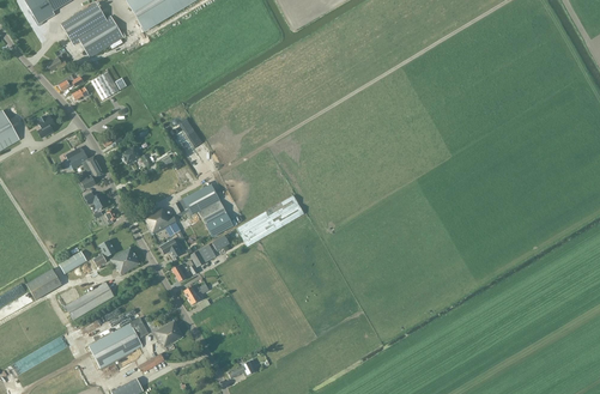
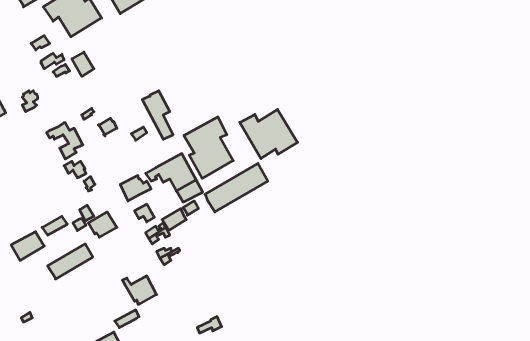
building: none -> [240,109,298,159]
building: none -> [184,117,233,178]
building: [89,317,149,368] -> none

